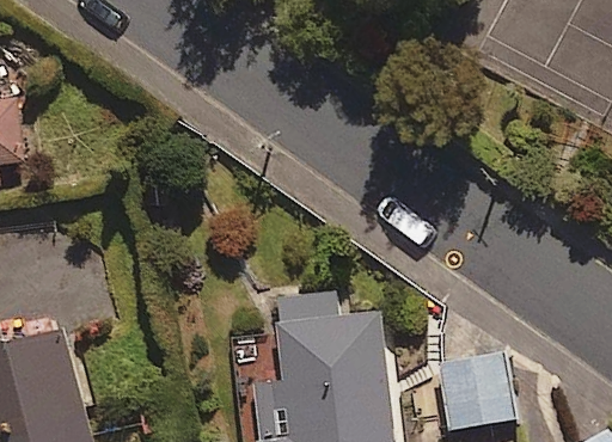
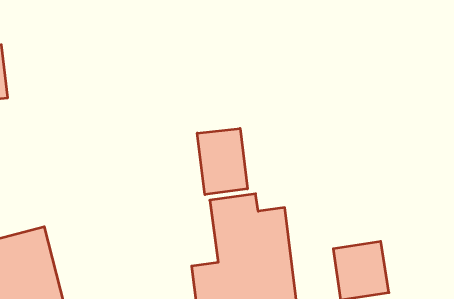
building: none -> [197,128,247,195]

